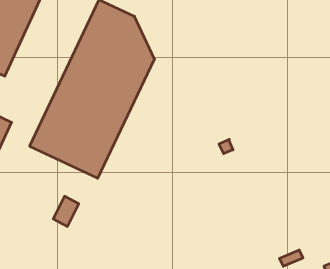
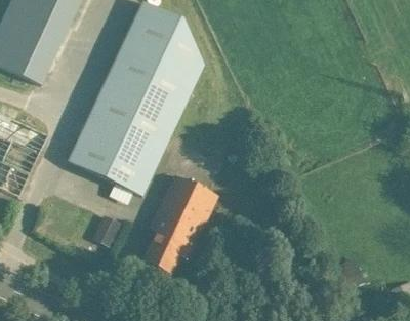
building: none -> [144,173,218,273]

